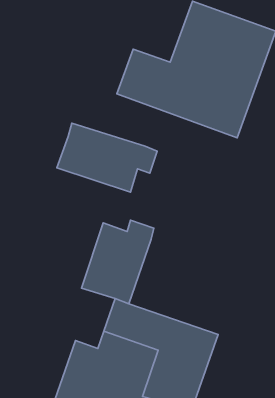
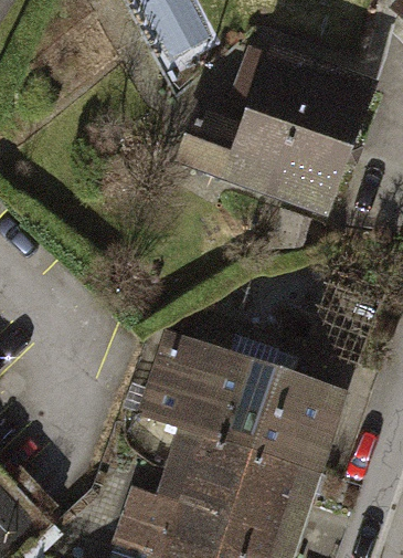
building: [57,123,157,192] -> none
building: none -> [198,350,341,473]

